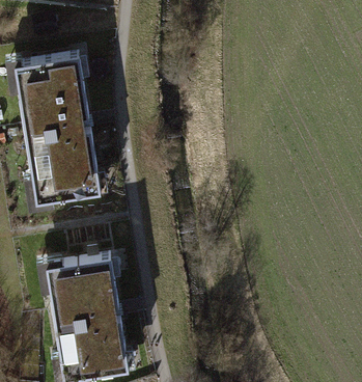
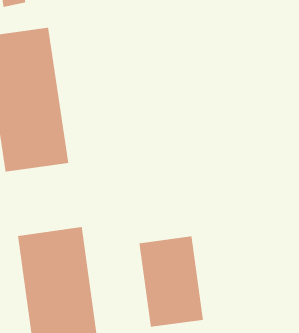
building: none -> [139,236,204,328]

